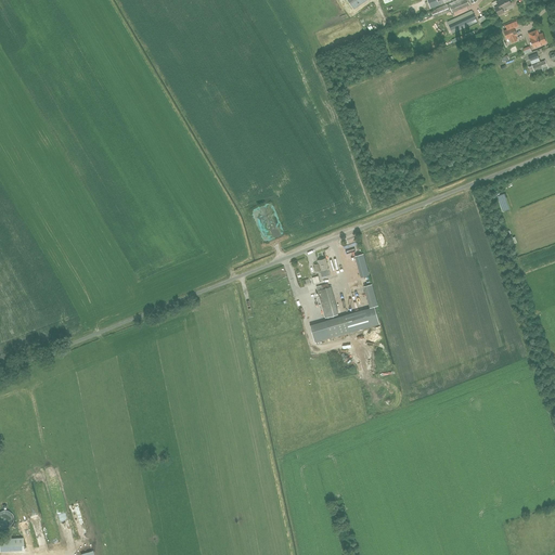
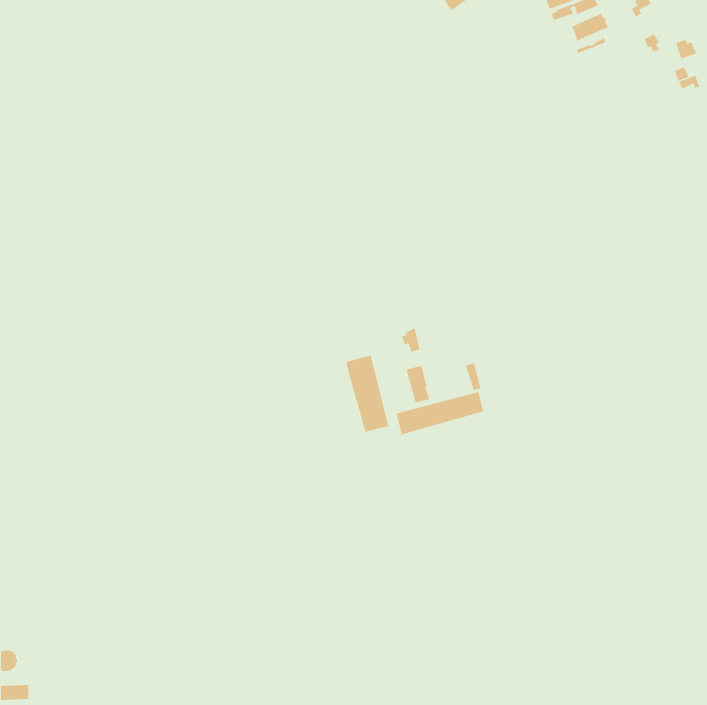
building: none -> [345,355,389,433]

